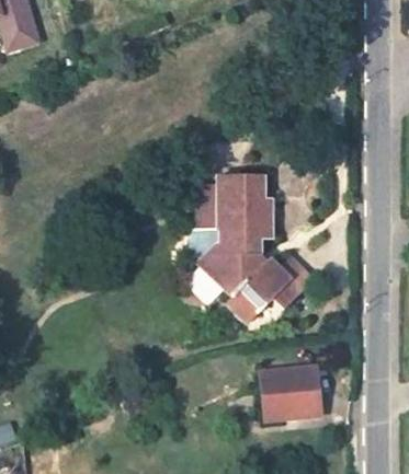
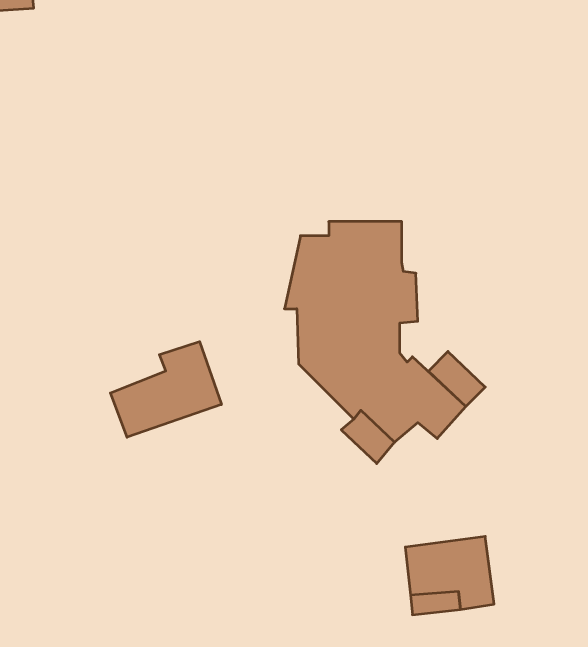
building: none -> [110,342,221,437]

